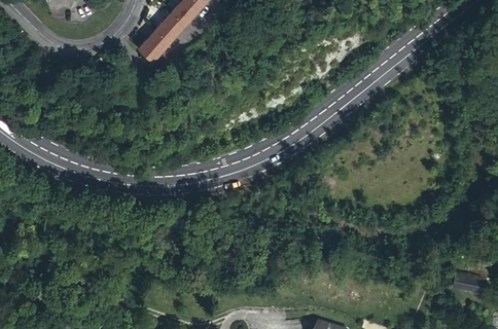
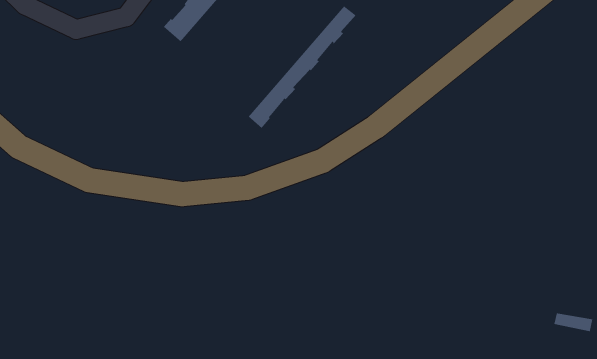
building: none -> [248,5,357,129]

